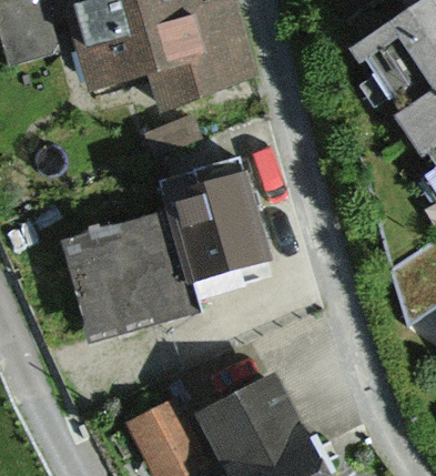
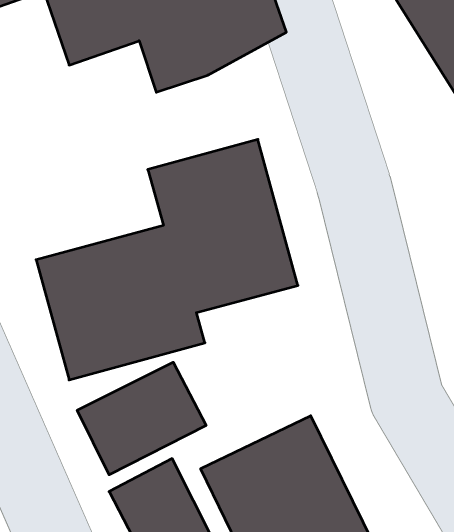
building: none -> [77,362,206,475]

